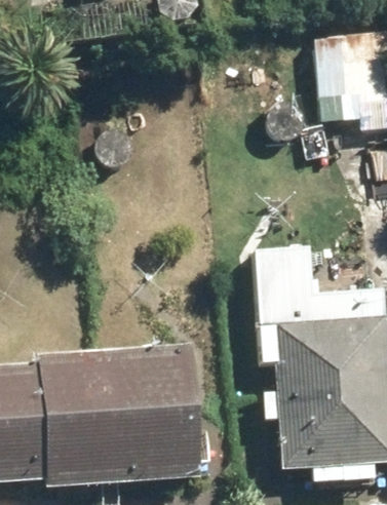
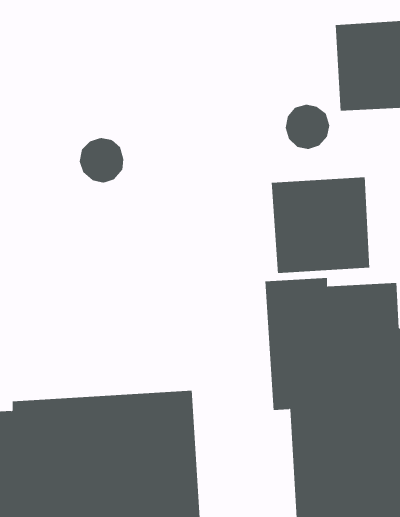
building: none -> [271,176,370,274]

